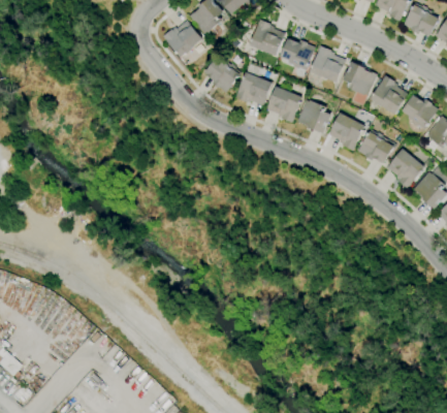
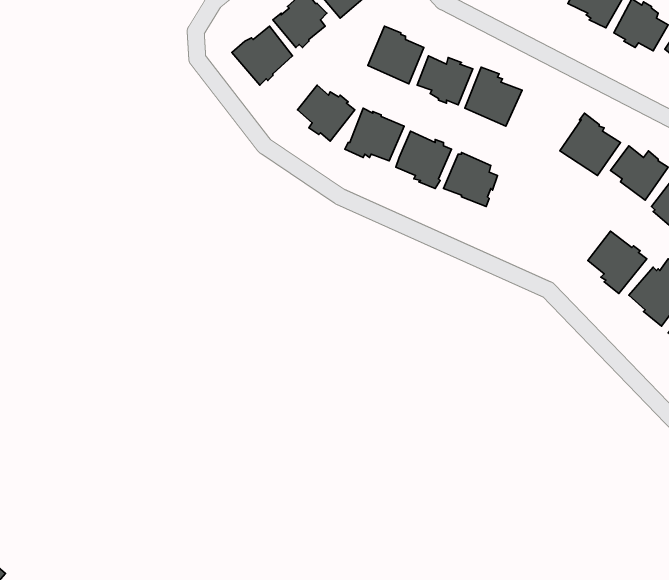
building: [343,61,377,96] -> none
building: [329,114,364,152] -> none
building: [357,122,393,164] -> none

